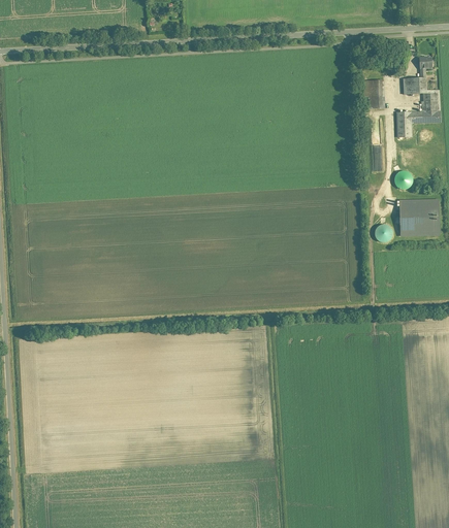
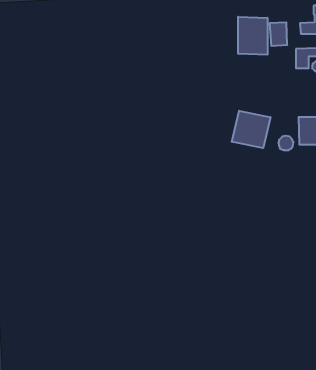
building: none -> [238,17,267,55]
building: none -> [232,111,270,148]

